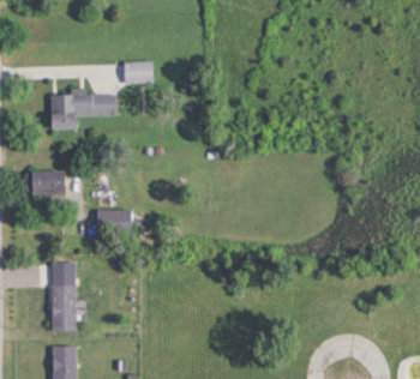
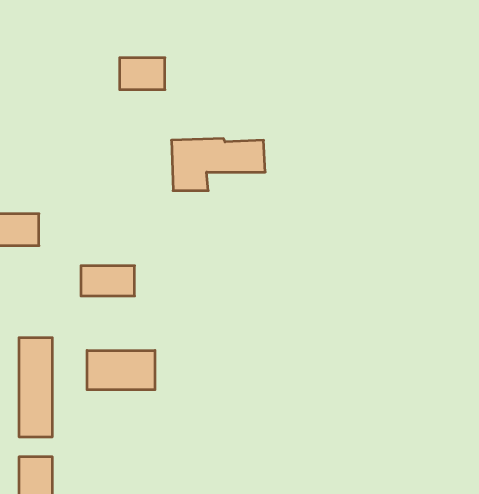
building: [49,92,116,130] -> [171,139,265,191]
building: none -> [87,350,155,390]

